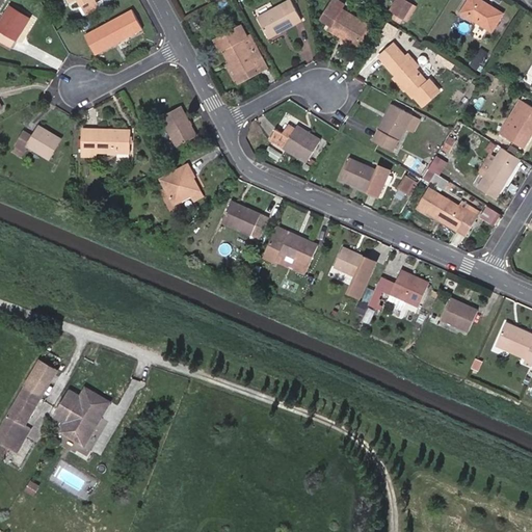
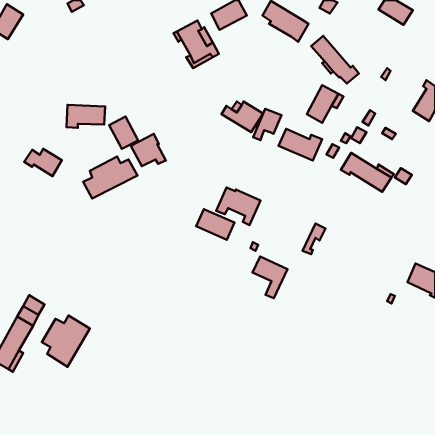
building: [84,9,140,54] -> none
building: [160,106,195,145] -> [109,117,138,149]
building: [15,126,60,159] -> [24,149,62,176]
building: none -> [253,109,281,140]
building: [477,148,518,198] -> none
building: none -> [83,157,138,199]
building: [220,202,267,239] -> [196,209,235,240]
building: [332,246,375,297] -> [253,256,288,298]
building: [389,269,428,307] -> none
building: [441,298,477,331] -> none

